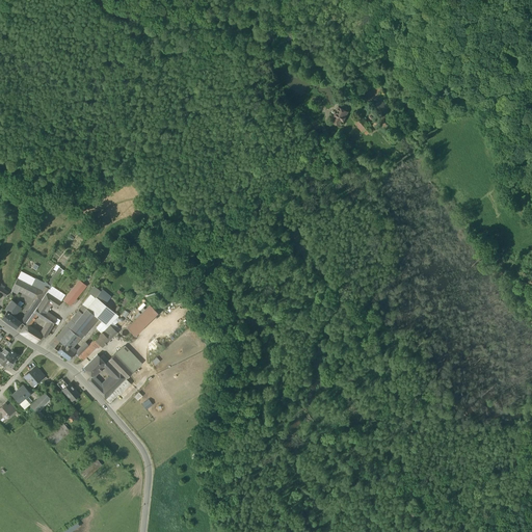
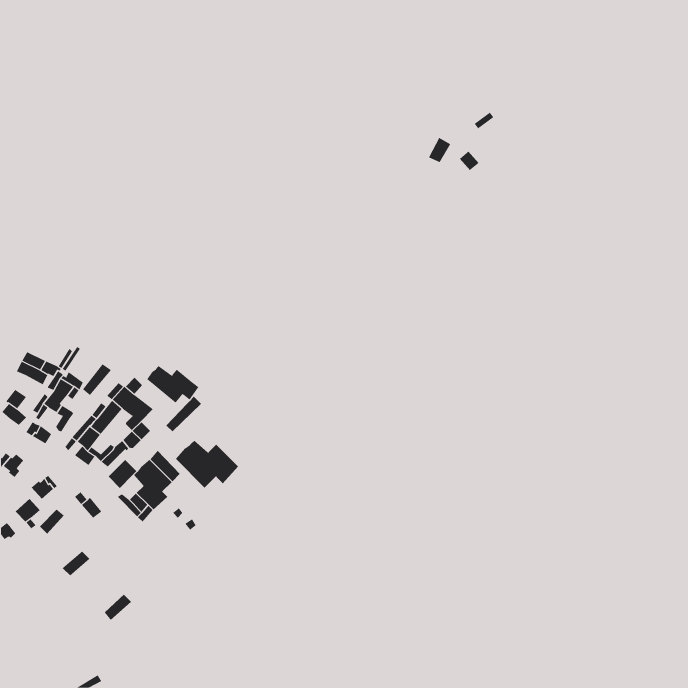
building: none -> [147,365,199,403]
building: none -> [175,440,239,488]

